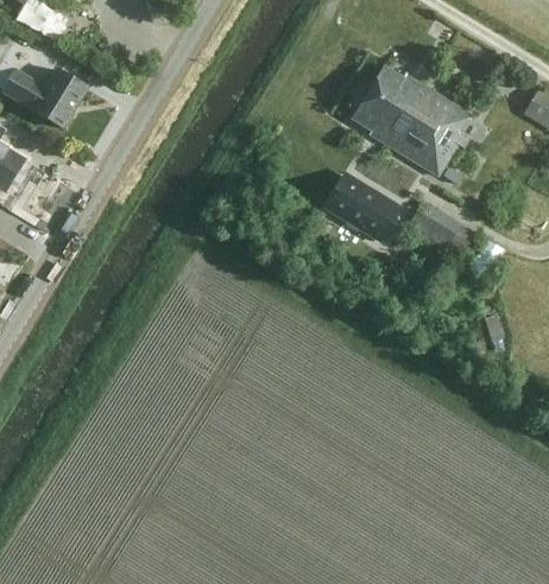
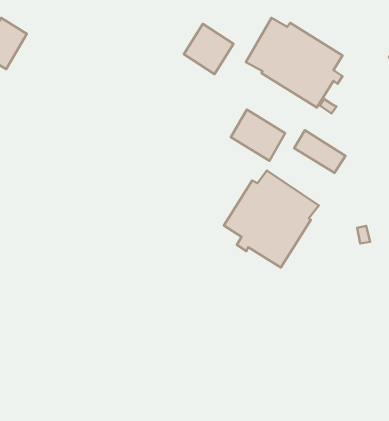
building: none -> [184,24,234,74]
building: none -> [224,171,319,268]

